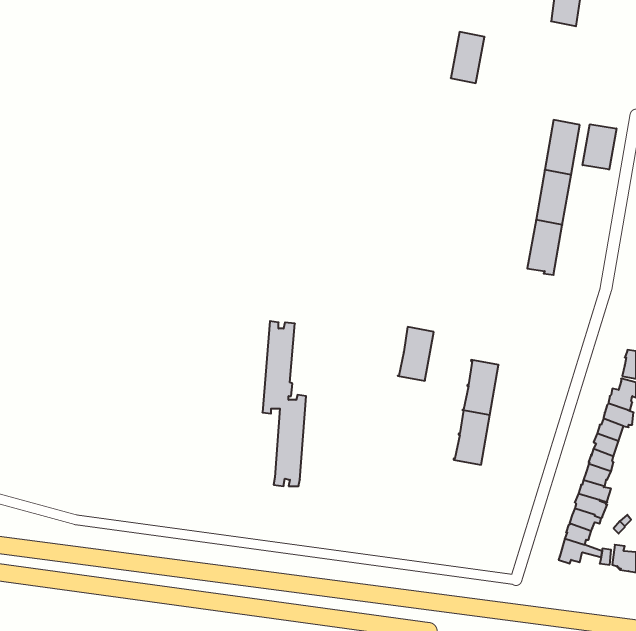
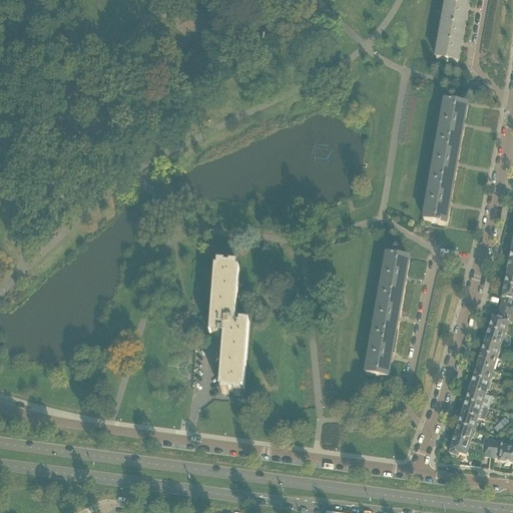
building: [451,32,485,83] -> [435,17,462,58]
building: [583,124,616,170] -> none
building: [398,327,434,381] -> [378,249,407,293]

